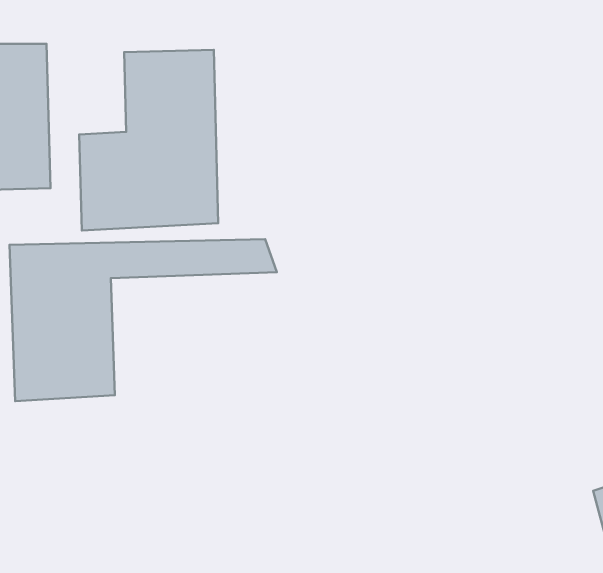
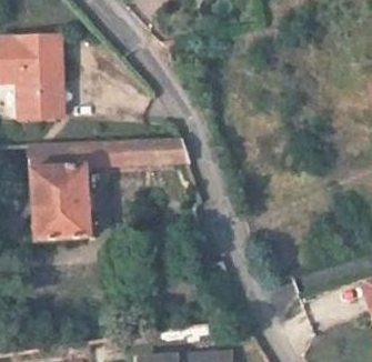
building: [79,50,218,230] -> none

